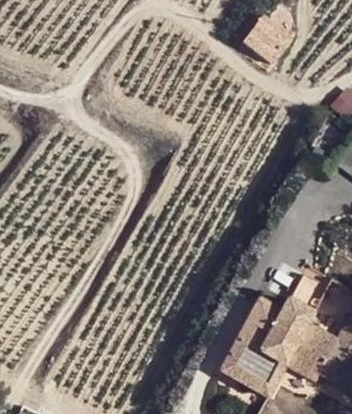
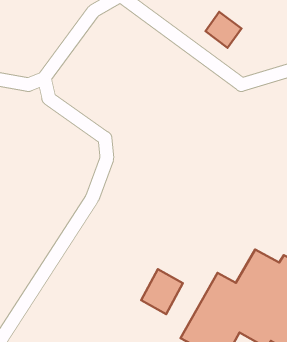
building: none -> [141,269,183,314]

